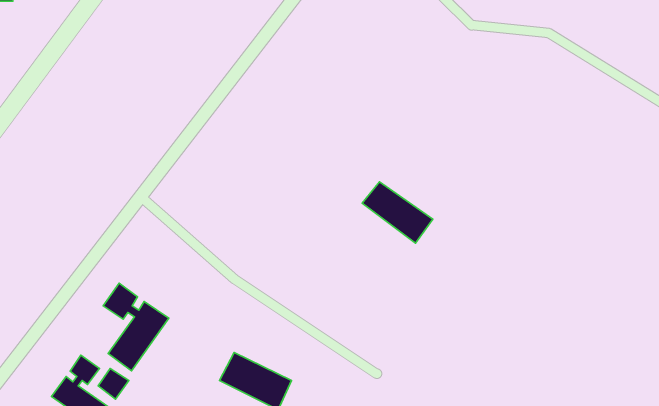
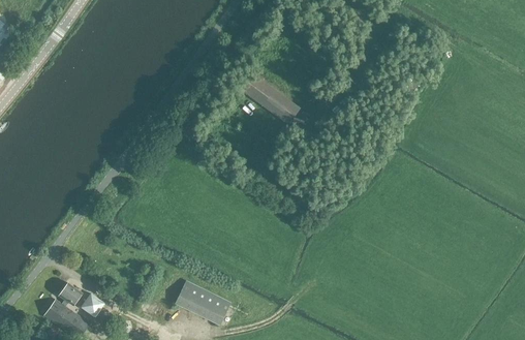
building: [362,182,433,243] -> [243,73,298,121]
building: [103,283,169,371] -> none

